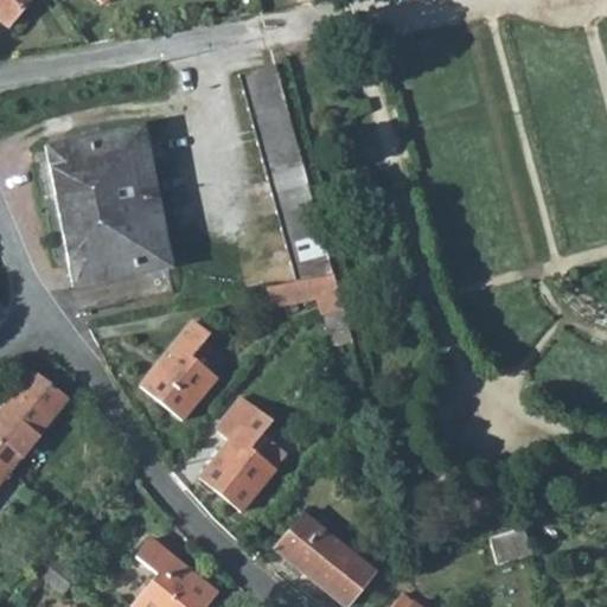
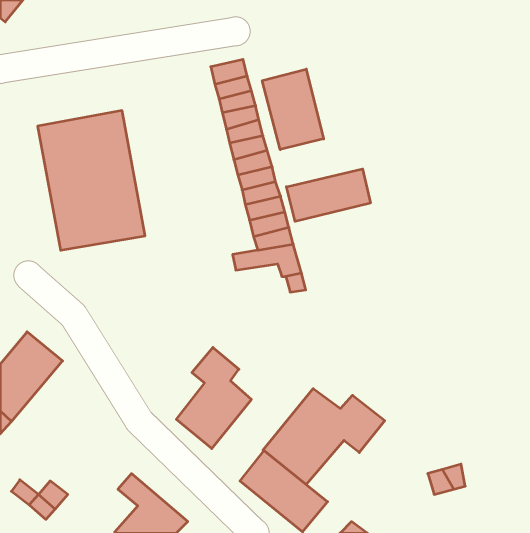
building: none -> [262,69,324,150]
building: none -> [286,169,370,221]
building: [141,320,213,416] -> none
building: none -> [263,389,385,485]

